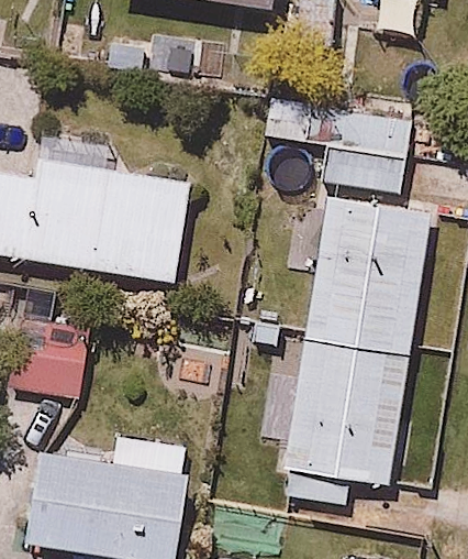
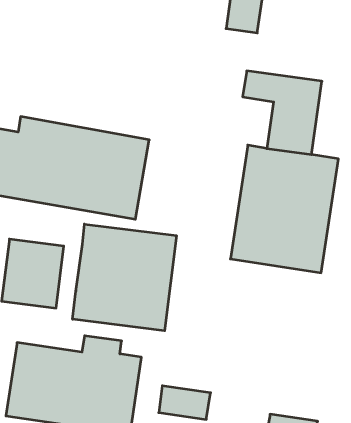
building: none -> [73,224,176,331]
building: [277,339,415,505] -> none

